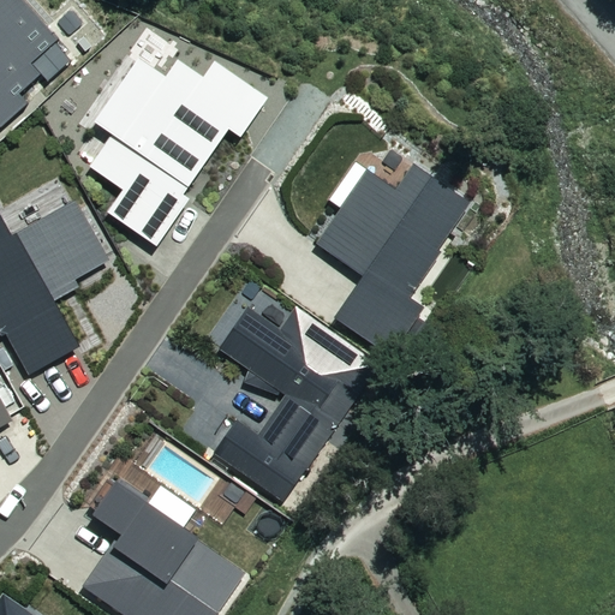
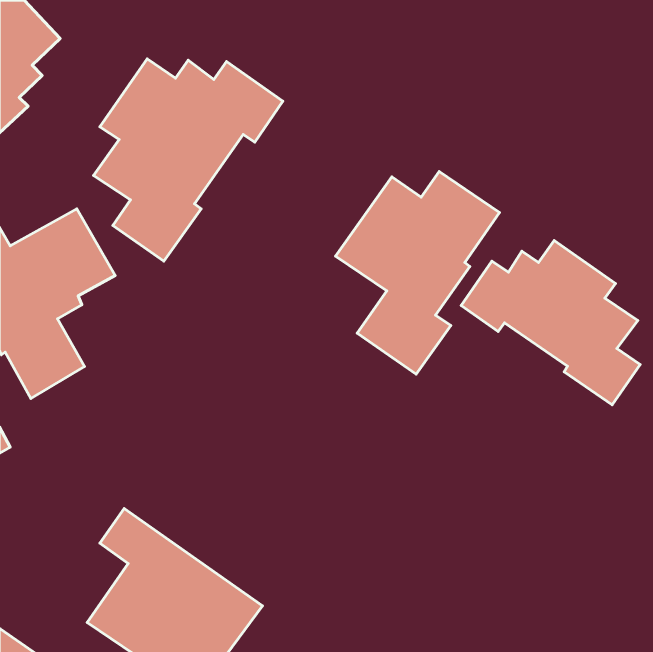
building: none -> [461,241,640,405]
building: [213,306,378,501] -> none

